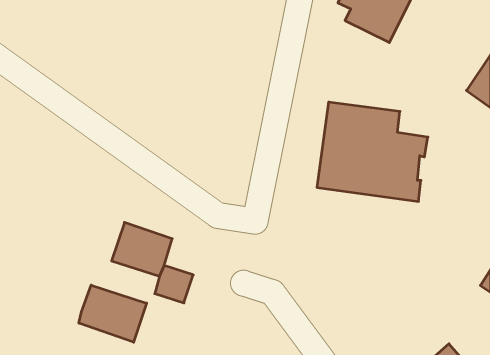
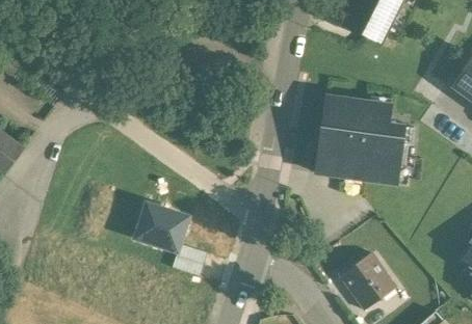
building: none -> [339,253,396,309]
building: [79,285,147,342] -> none

